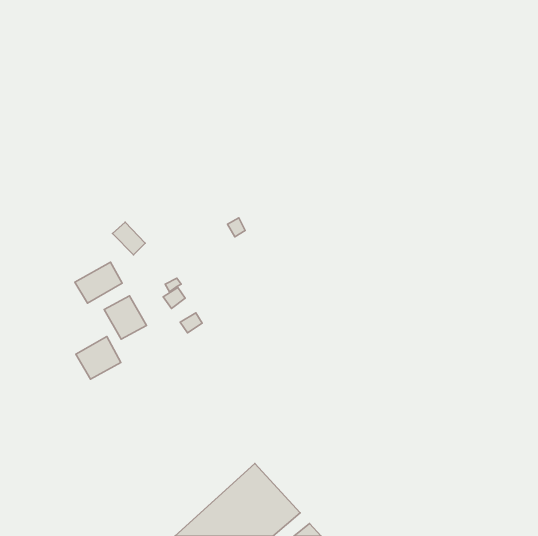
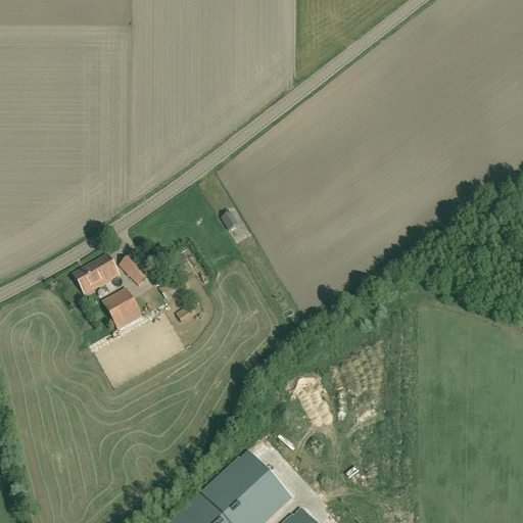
building: [112,222,145,255] -> [118,253,150,285]
building: [76,337,121,379] -> none

